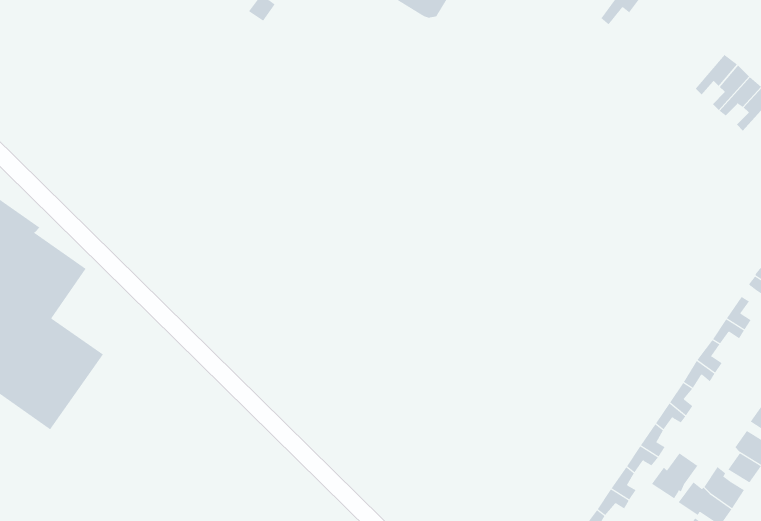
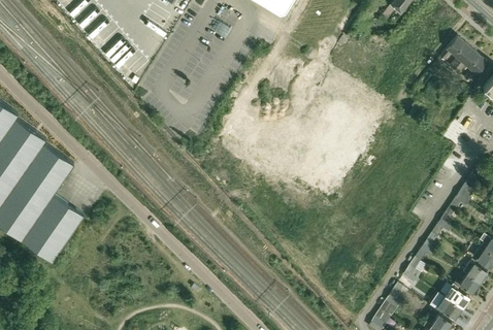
building: [651,453,698,499] -> none

